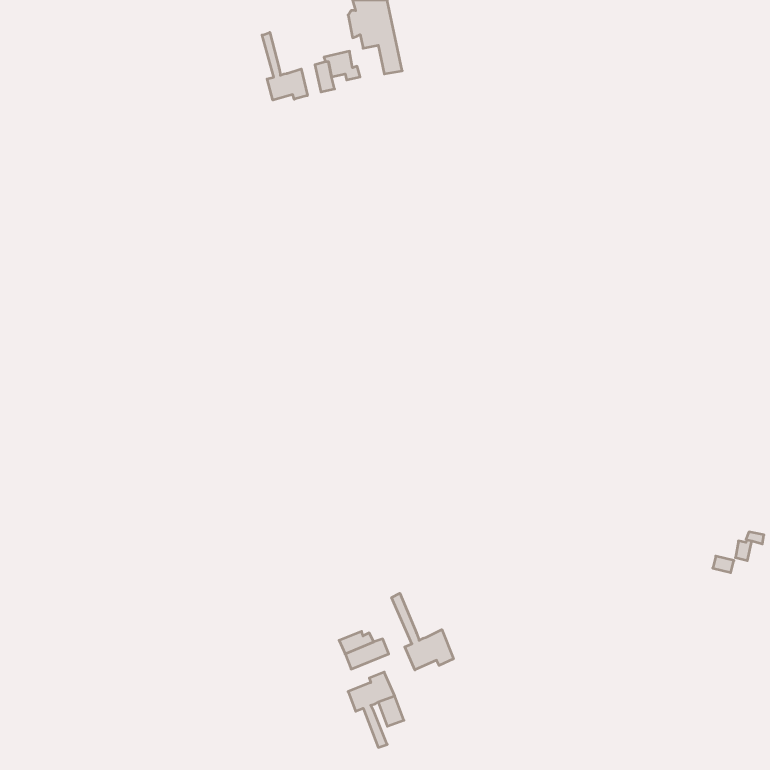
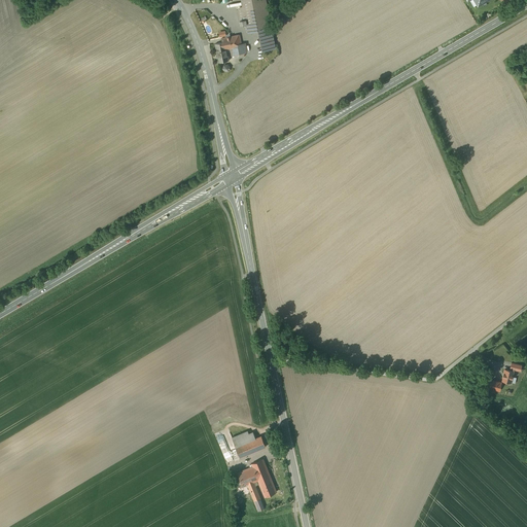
building: [262,32,307,100] -> none
building: [392,593,453,670] -> none

